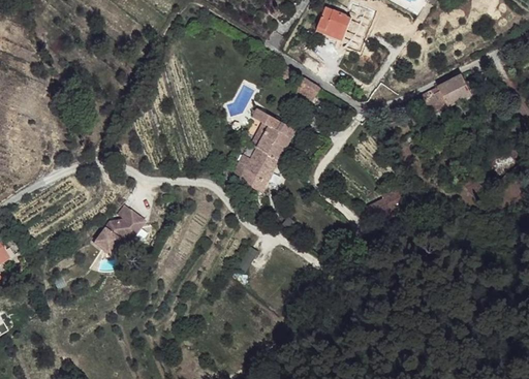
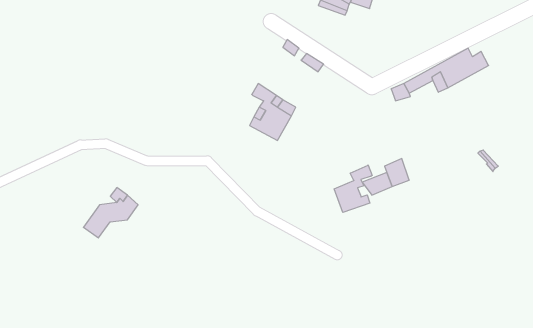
building: [230,145,278,192] -> none
building: none -> [334,165,372,212]

